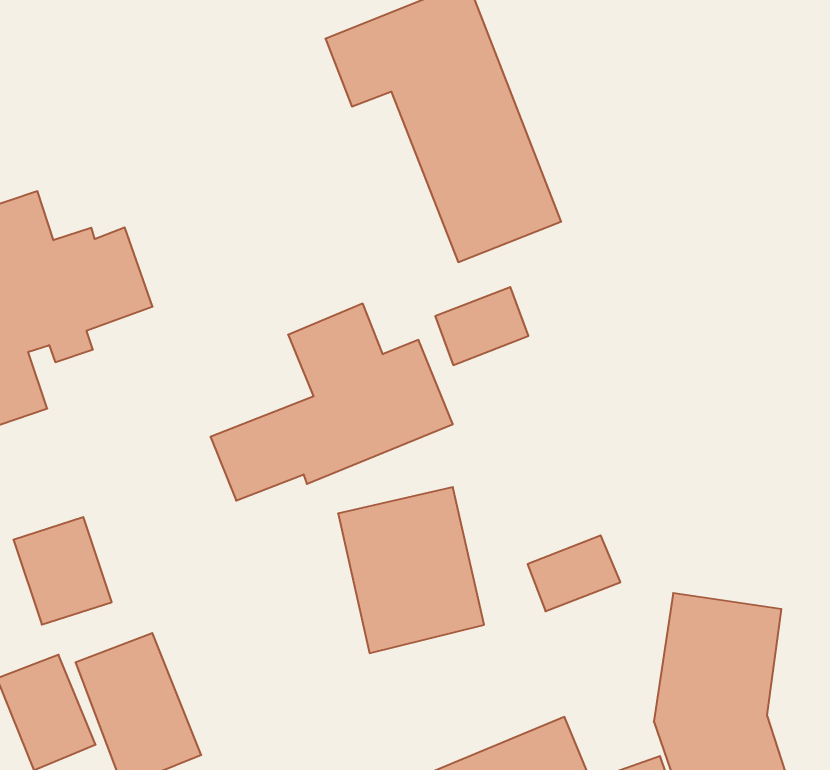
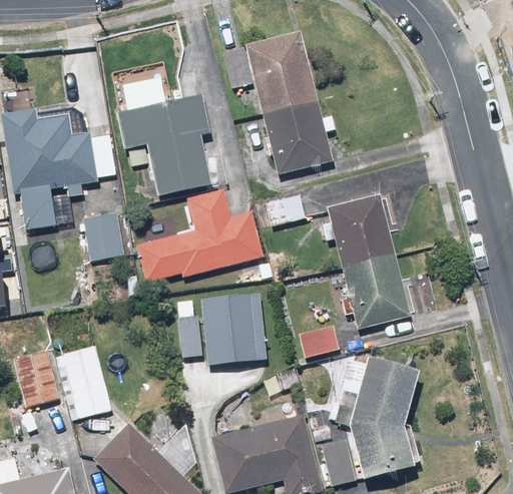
building: none -> [116,93,212,196]
building: none -> [322,194,410,327]
building: [13,517,112,625] -> [80,211,126,264]

